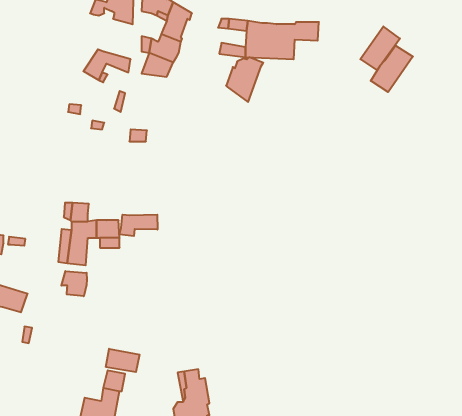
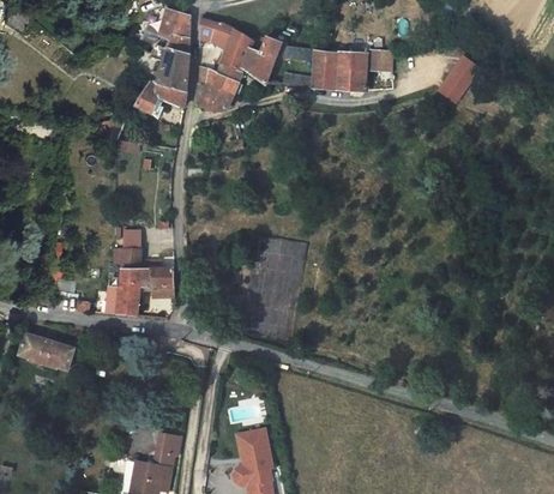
building: none -> [150,44,188,91]
building: [371,46,413,92] -> none
building: [226,57,263,102] -> [241,36,282,85]
building: [119,215,157,236] -> none
building: [61,271,87,296] -> none
building: [106,349,140,372] -> none

